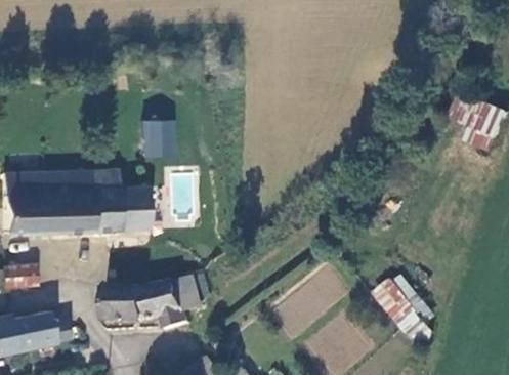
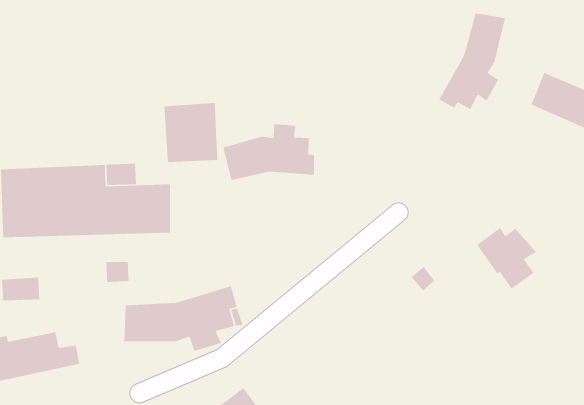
building: none -> [438,13,506,110]
building: none -> [223,123,315,181]
building: [373,277,424,330] -> [476,227,537,290]

